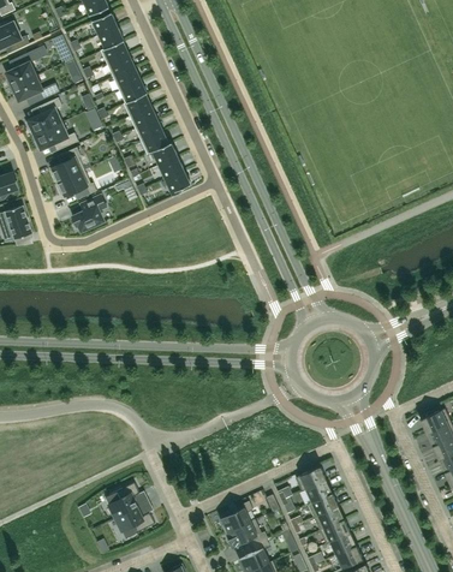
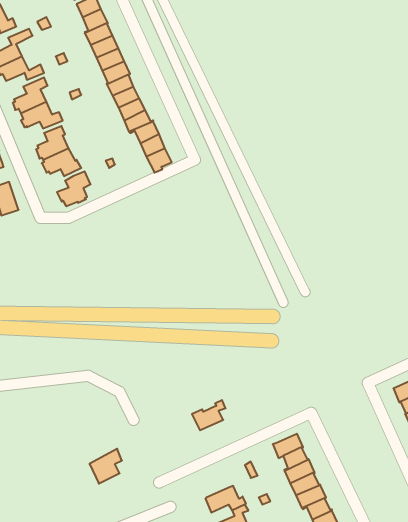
building: [219,501,254,532] -> [192,400,226,430]
building: [115,507,155,538] -> none

